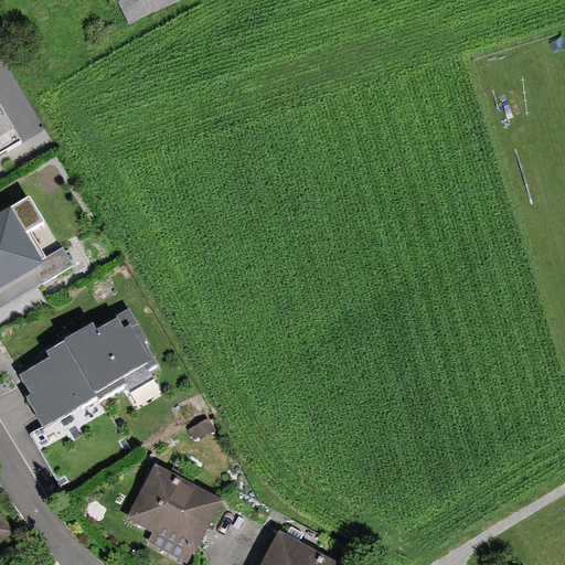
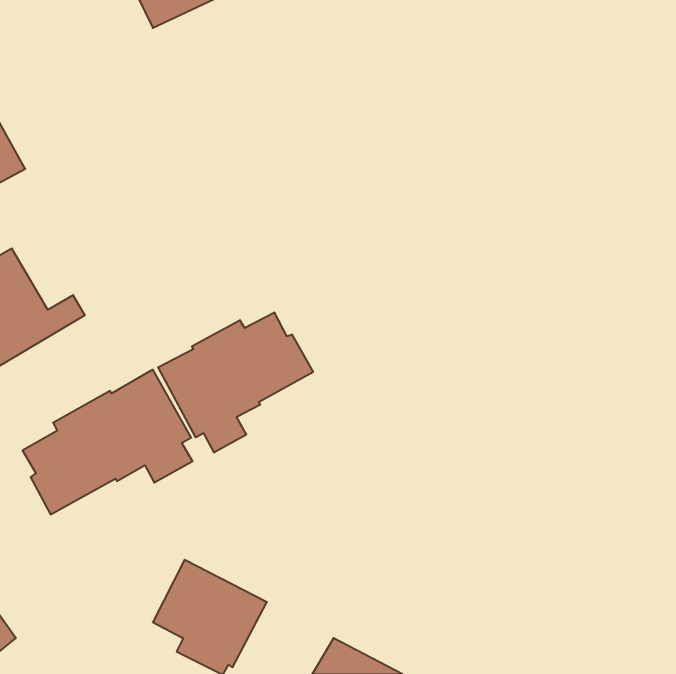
building: none -> [158,312,313,453]

